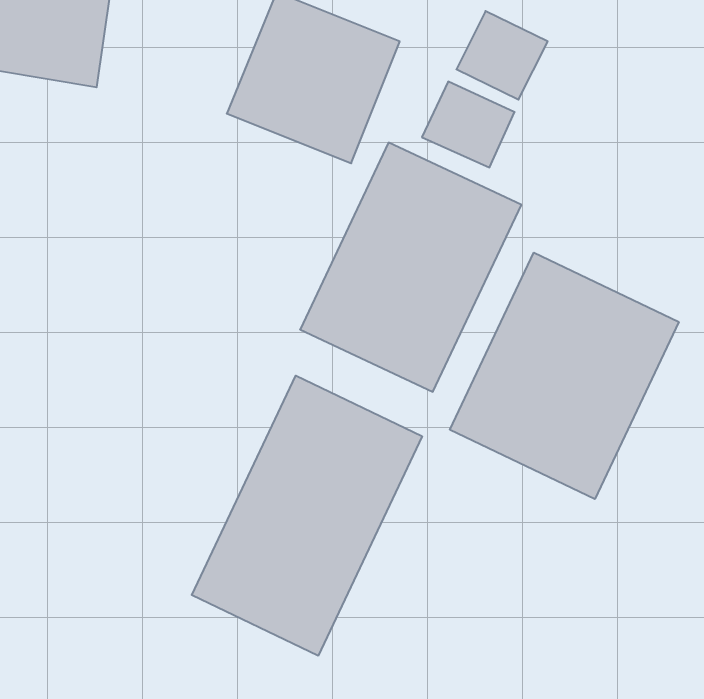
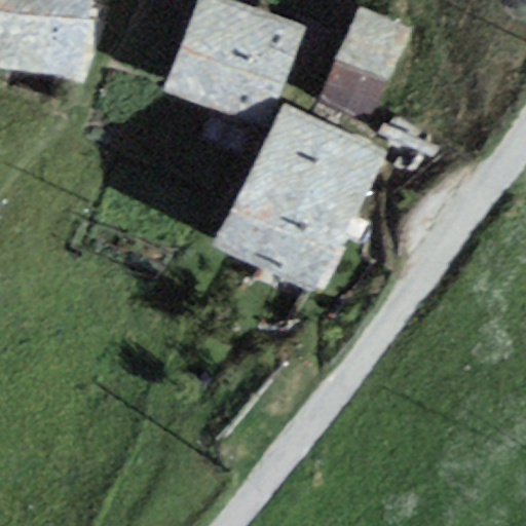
building: [450,253,679,499] -> none
building: [192,376,422,656] -> none

